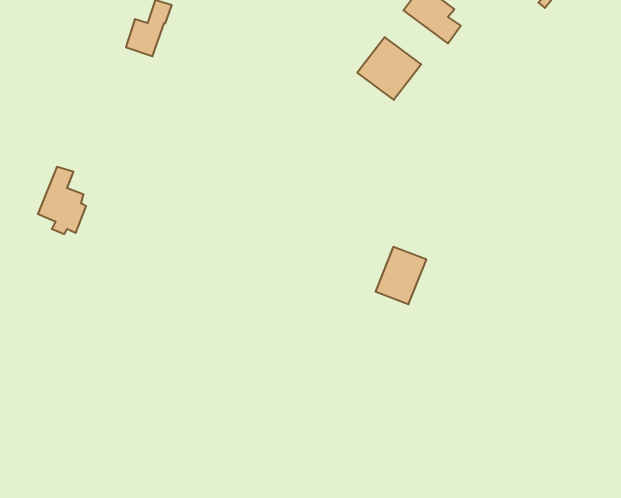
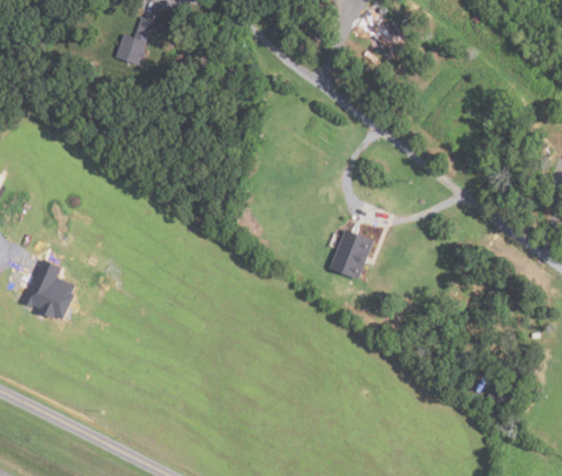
building: [357,37,421,100] -> none
building: [38,167,86,234] -> [29,259,70,317]

